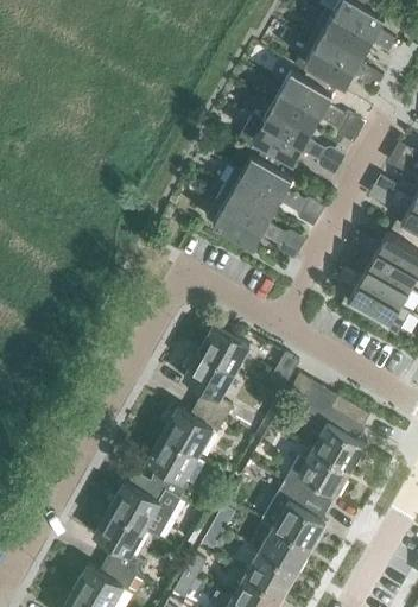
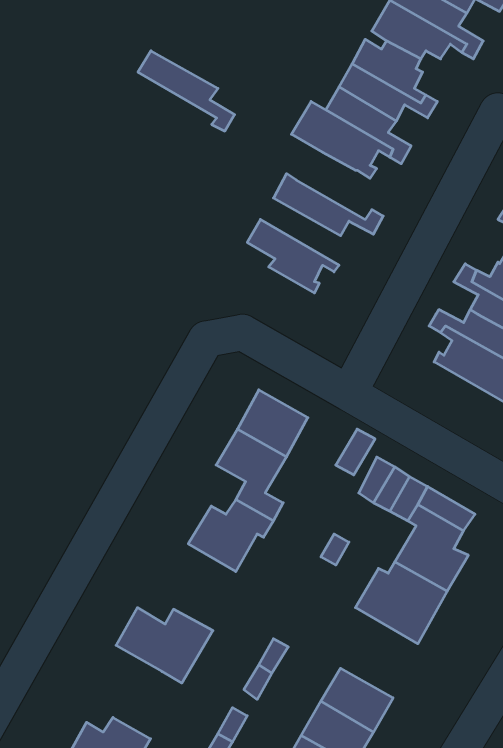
building: [241,153,296,202] -> none
building: [215,186,285,245] -> [138,51,235,131]
building: [147,437,197,500] -> none
building: [262,483,329,549] -> none
building: [94,511,144,578] -> none

